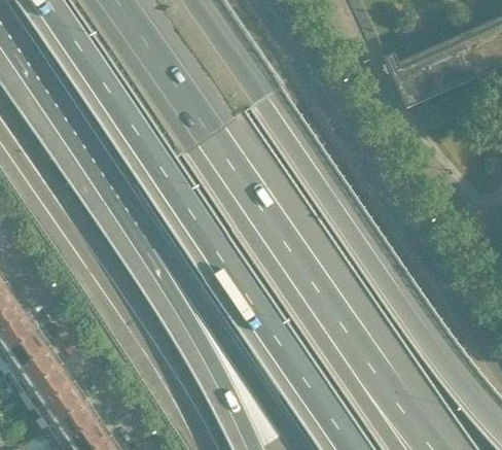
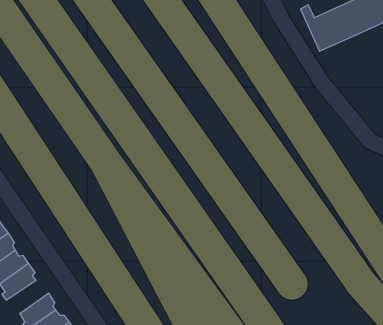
building: [29,379,80,419] -> none

